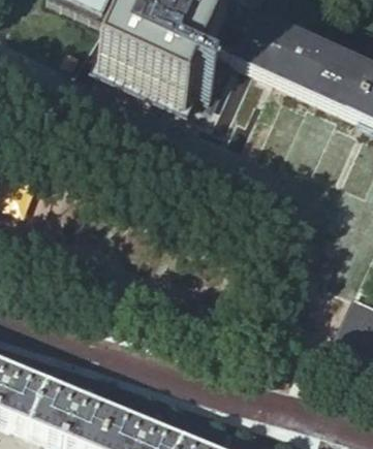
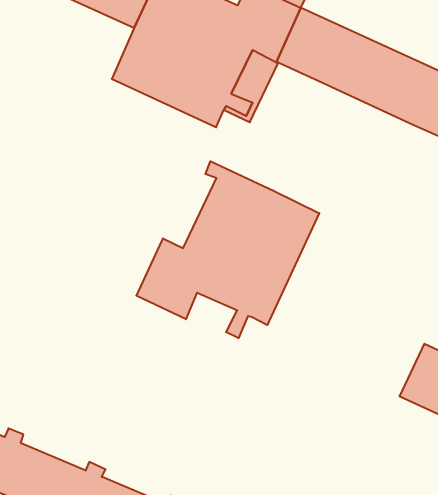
building: none -> [136,161,319,338]

